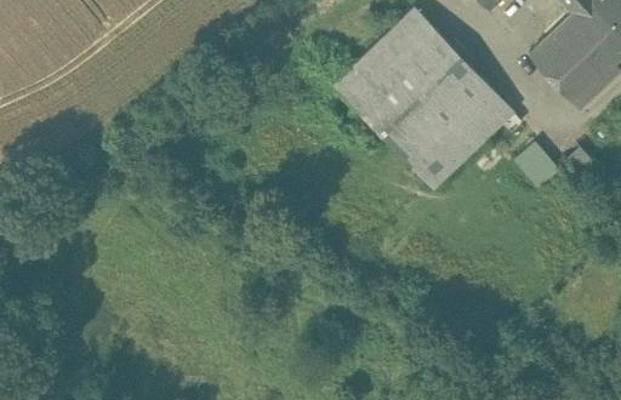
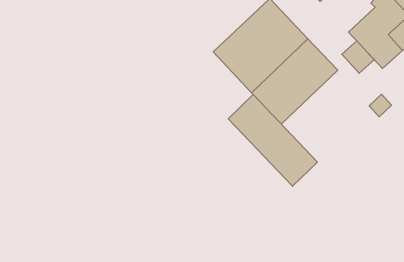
building: [512,141,559,188] -> [342,41,374,73]
building: none -> [228,95,317,186]

